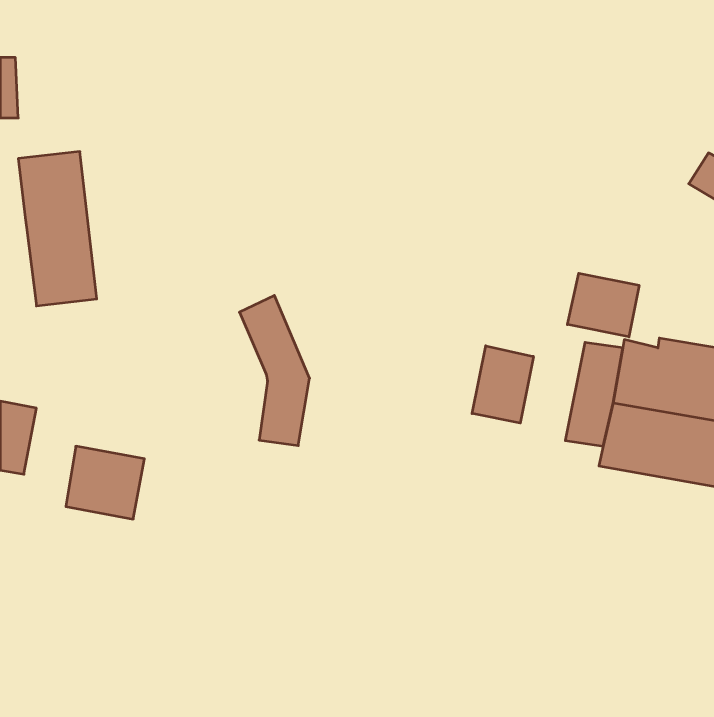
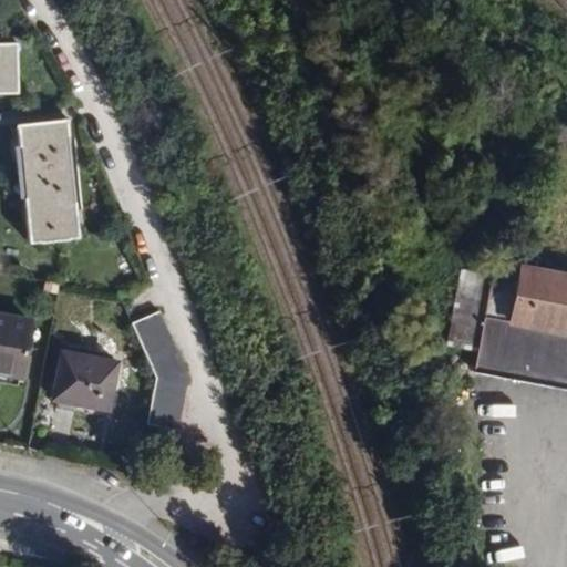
building: [567,273,639,337] -> none
building: [239,295,310,446] -> [133,312,188,431]
building: [472,346,533,423] -> none

